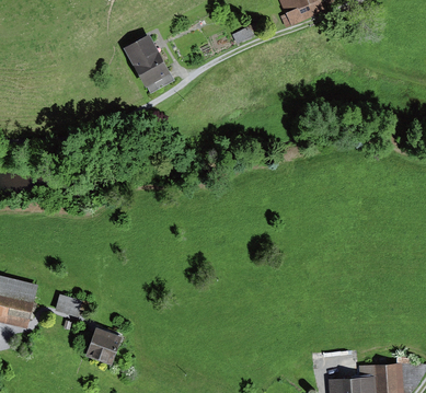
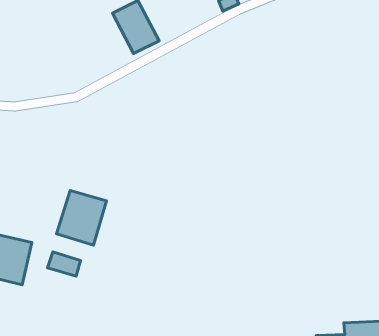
building: none -> [57,191,107,245]
building: [85,325,122,362] -> none

